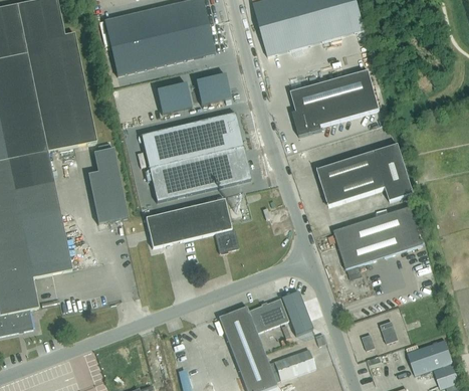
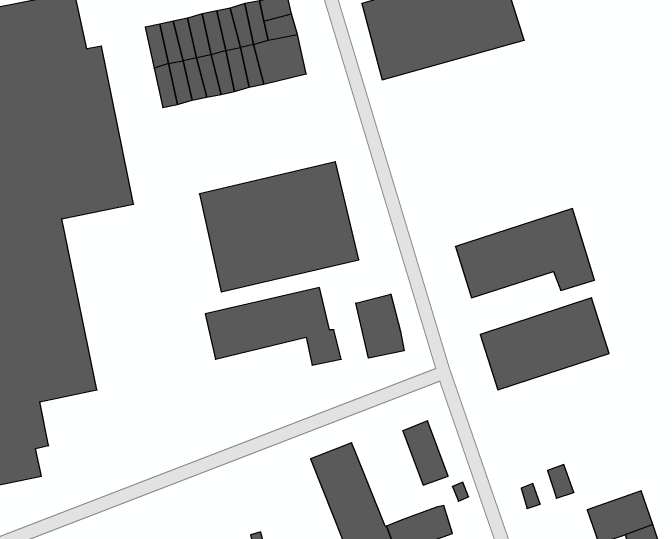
building: [288,67,387,137] -> none
building: [196,73,231,105] -> none
building: [157,82,192,114] -> none
building: [88,148,129,223] -> none
building: none -> [356,294,404,358]
building: [248,298,288,333] -> none

